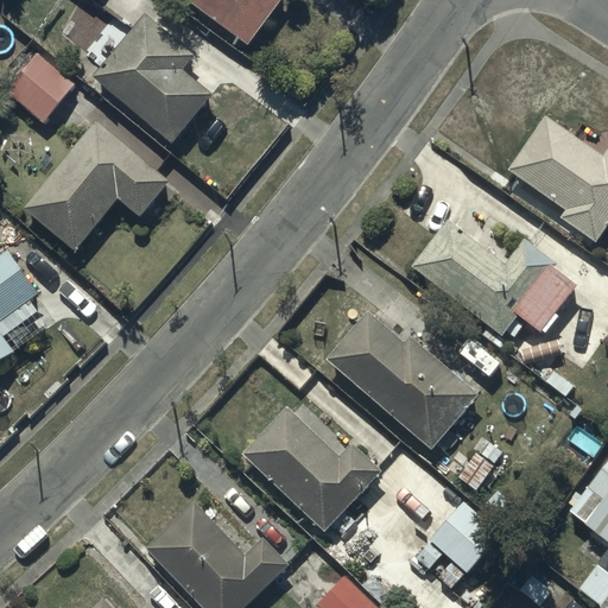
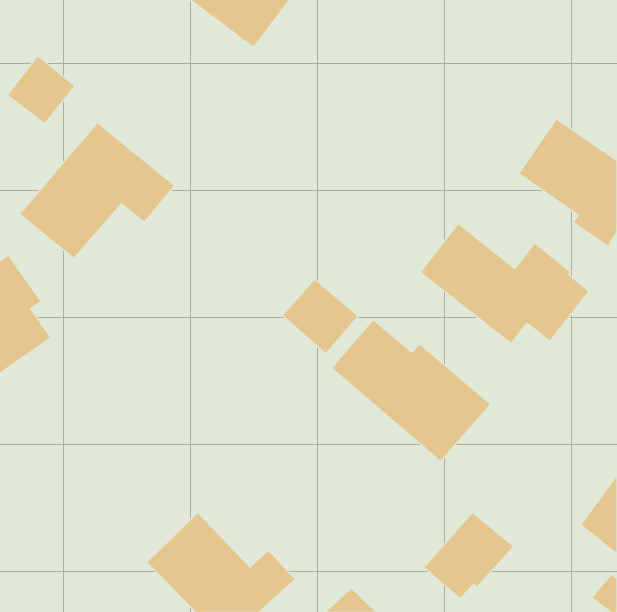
building: [91,14,213,144] -> none
building: none -> [282,279,358,354]
building: [241,406,381,531] -> none

